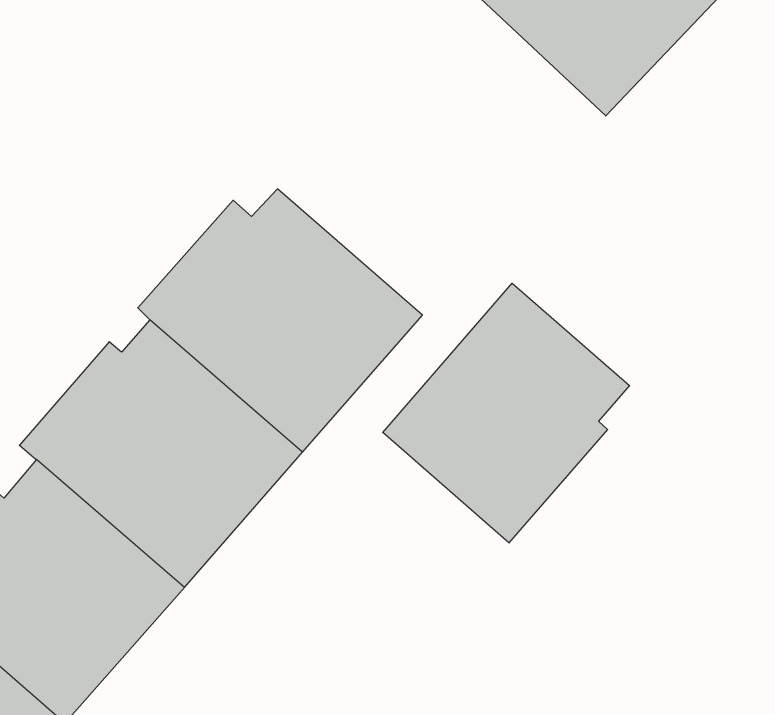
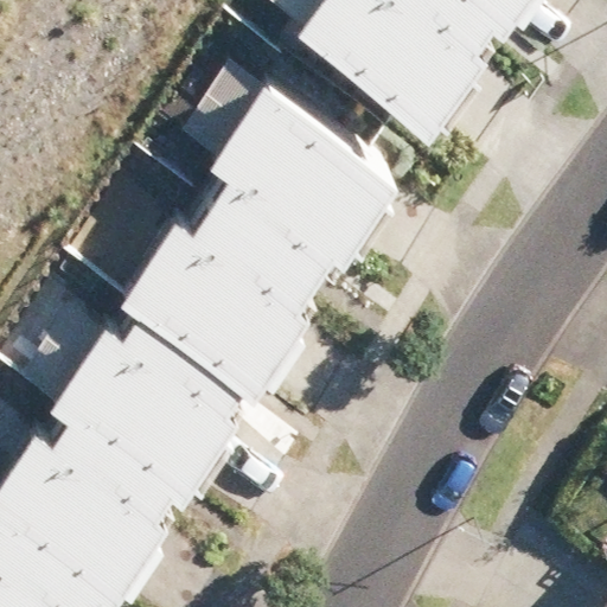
building: none -> [215,83,395,271]
building: [383,283,629,543] -> none

